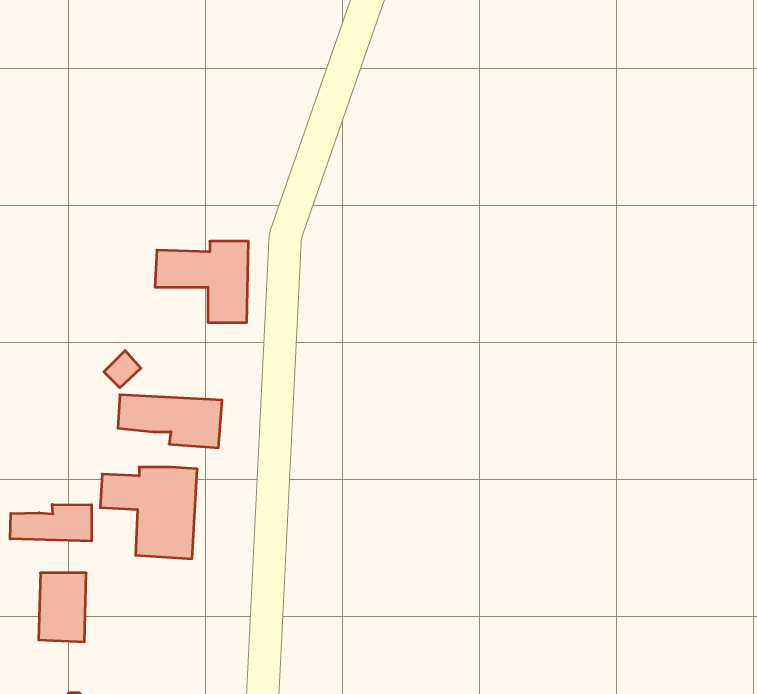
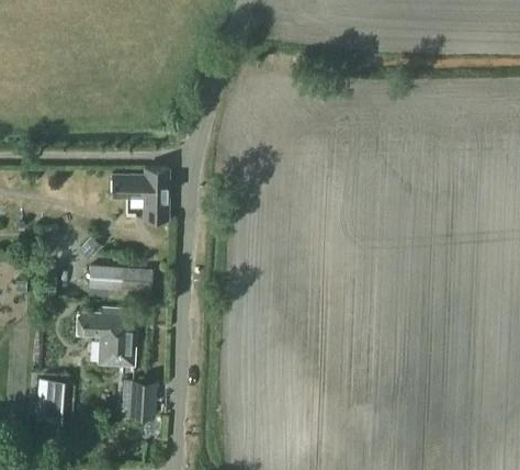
building: [10,504,92,541] -> none
building: none -> [122,383,156,419]

